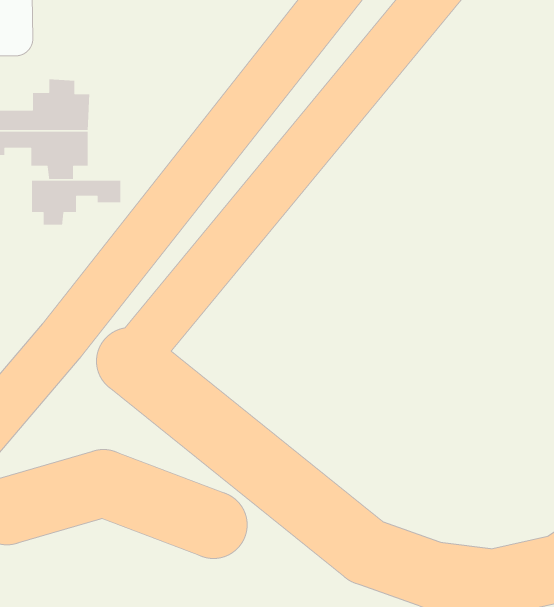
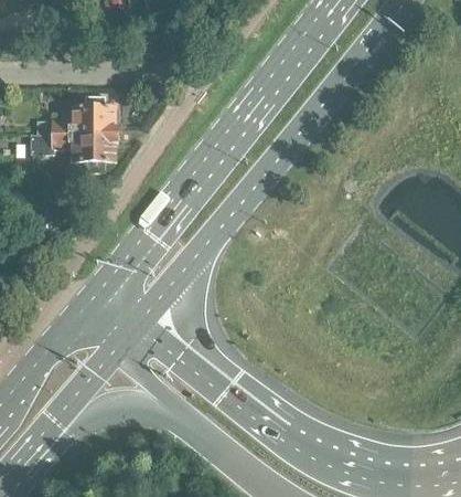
building: [31,180,121,225] -> none

